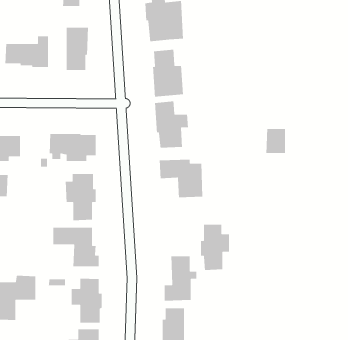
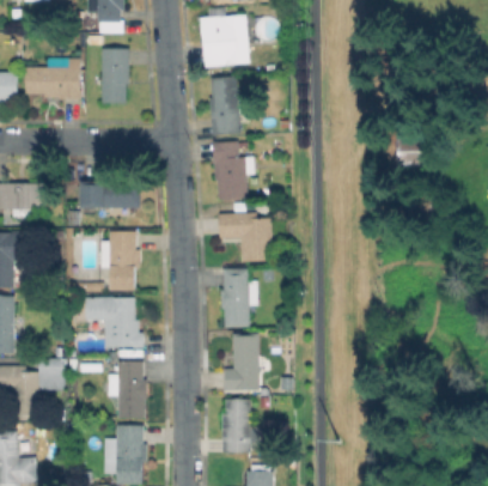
building: [266,128,286,154] -> [395,135,420,168]
building: [200,224,230,271] -> [220,269,257,328]

